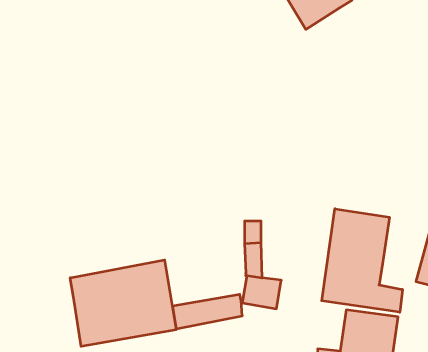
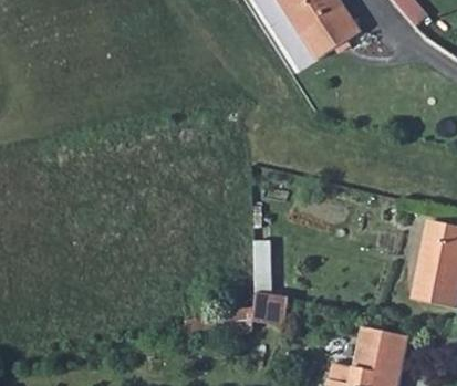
building: [322,209,402,312] -> none
building: [70,260,176,346] -> none

